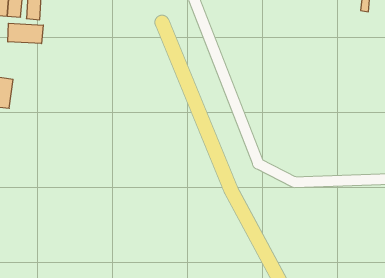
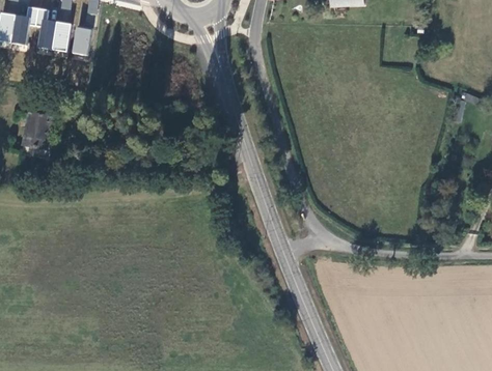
building: [8,23,43,44] -> none

